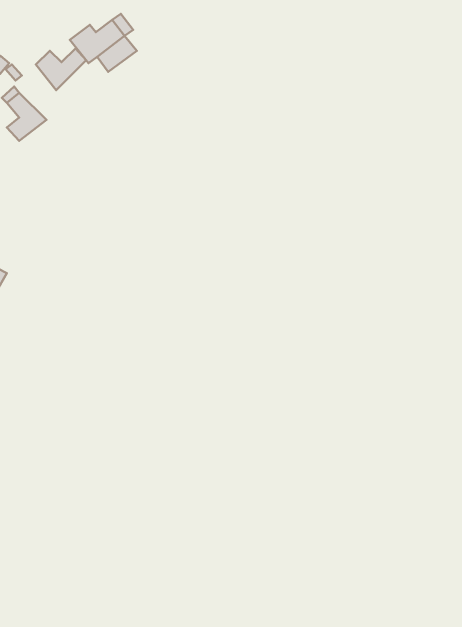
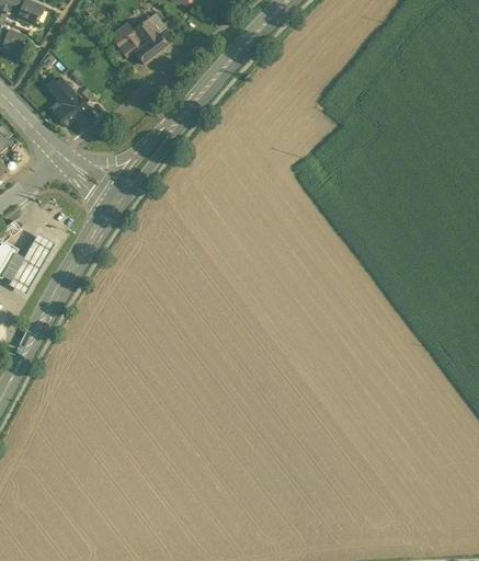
building: [36,48,86,90] -> none

